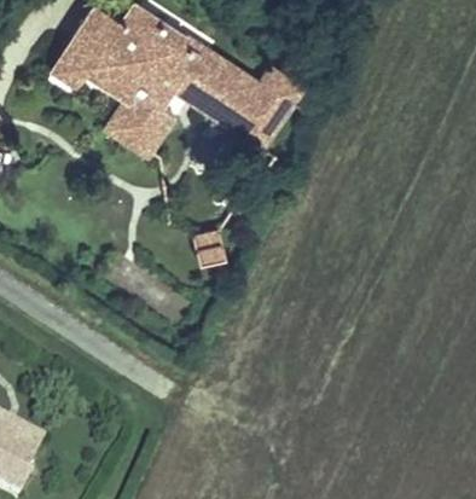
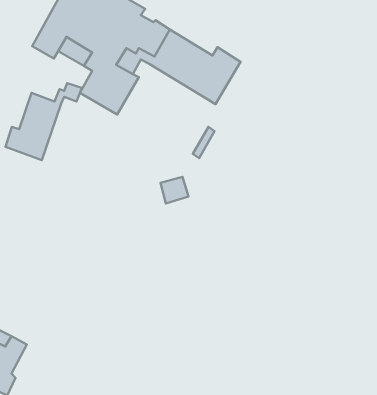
building: none -> [6,83,82,160]

